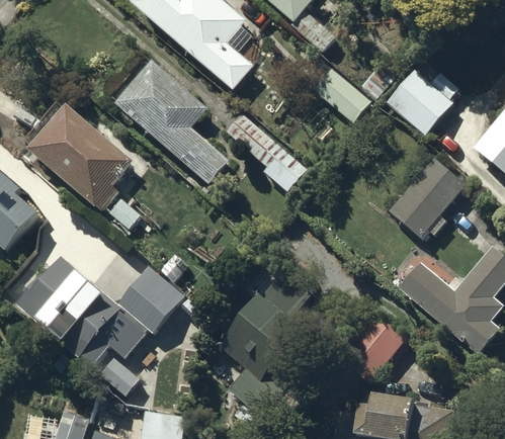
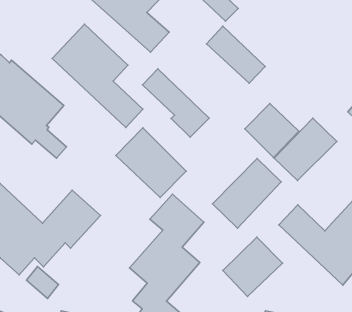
building: [389,70,453,135] -> [245,103,299,158]
building: none -> [116,128,186,197]
building: none -> [212,158,281,228]

